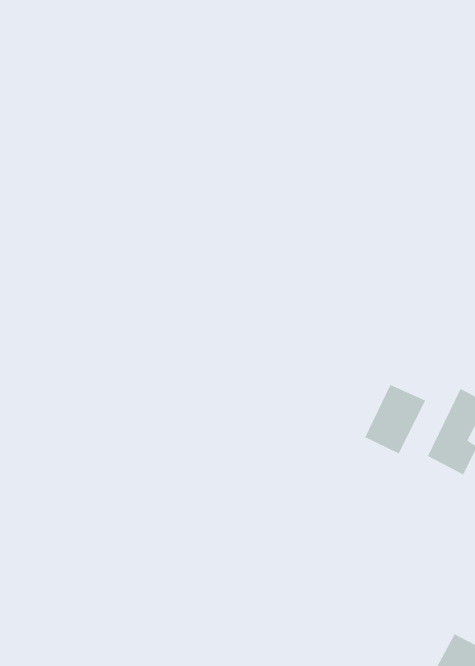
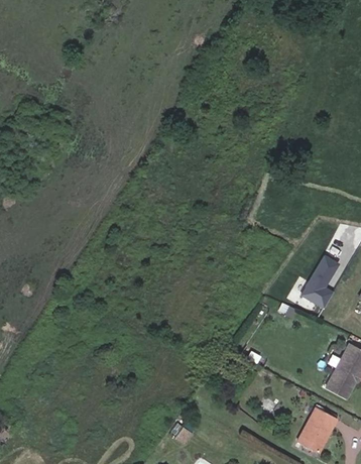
building: [365,384,426,454] -> none

